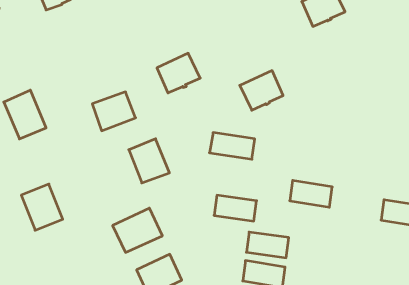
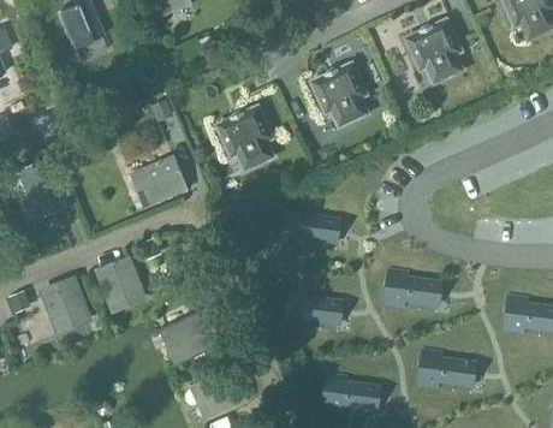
building: [240,71,283,110] -> [309,64,365,115]
building: [129,139,169,183] -> [95,257,148,315]
building: [246,232,289,258] -> [423,353,478,387]

